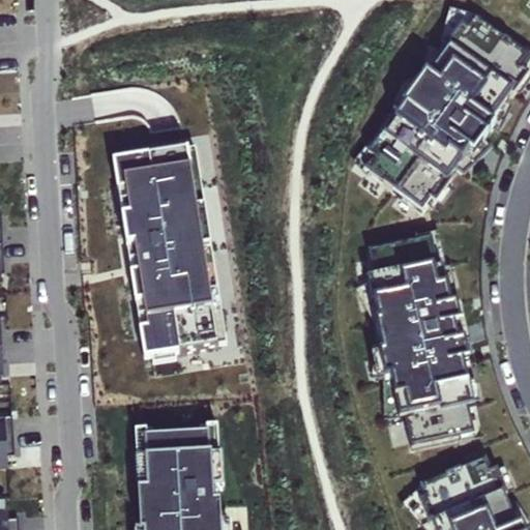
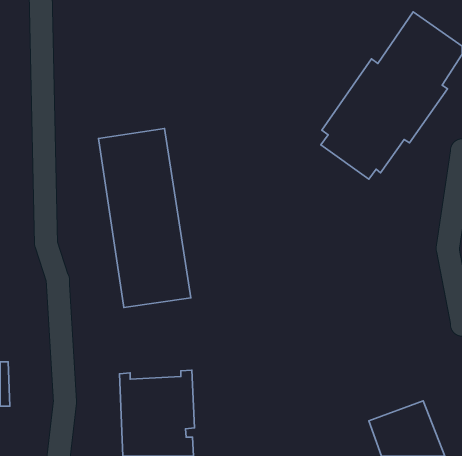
building: [370,233,474,442] -> none

